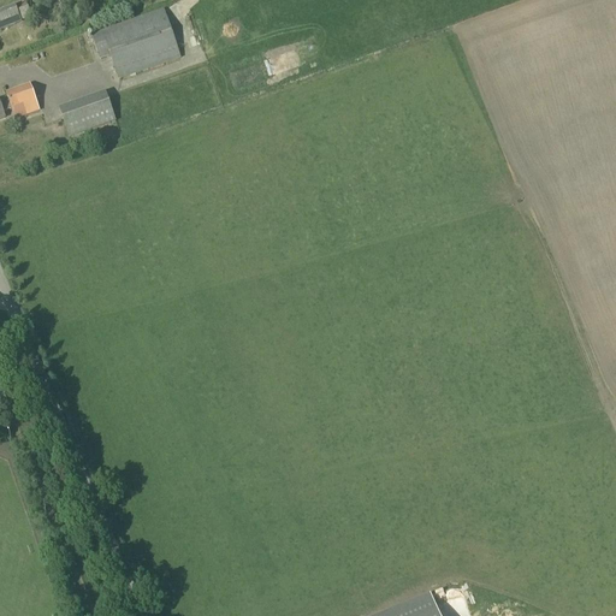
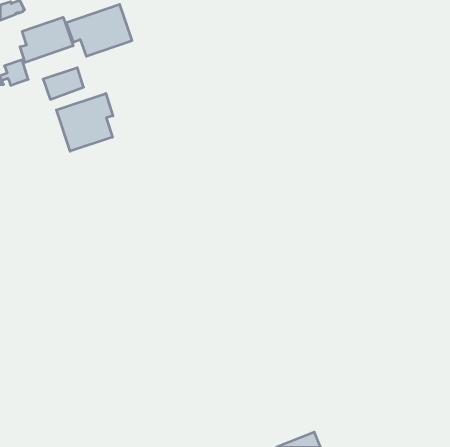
building: none -> [20,17,73,62]
building: none -> [56,93,113,151]

